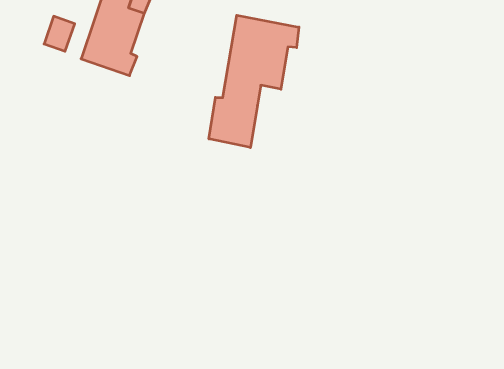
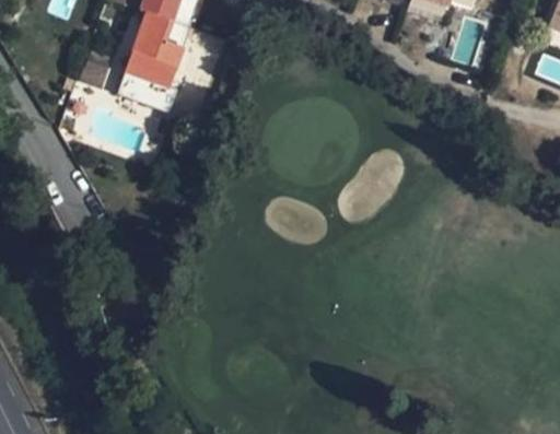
building: [209,15,299,148] -> none

